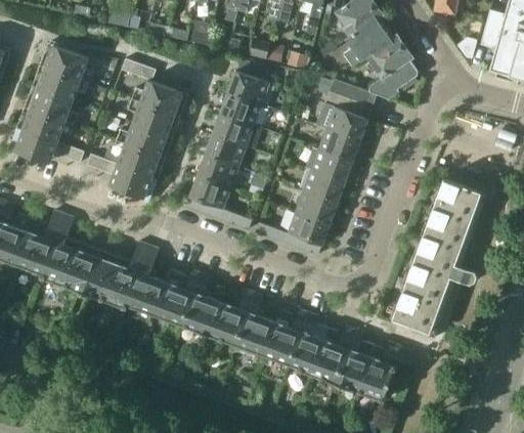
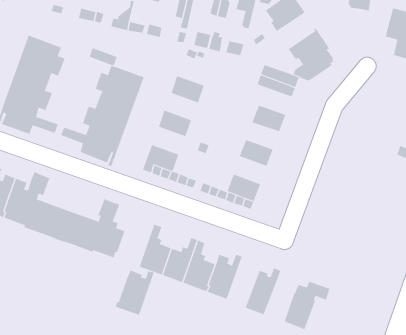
building: [343,17,395,67] -> none
building: [227,71,269,104] -> none
building: [326,106,367,140] -> none
building: [212,114,254,146] -> none
building: [311,149,352,182] -> none
building: [196,155,238,188] -> none
building: [396,179,481,339] -> none
building: [296,190,337,224] -> none
building: [151,269,200,324] -> [115,270,155,315]
building: [289,312,328,375] -> none
building: [334,330,375,391] -> none

